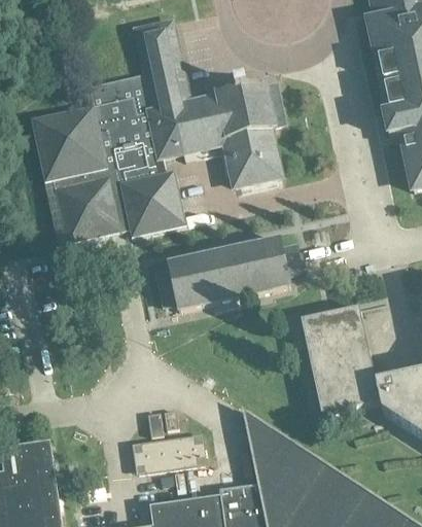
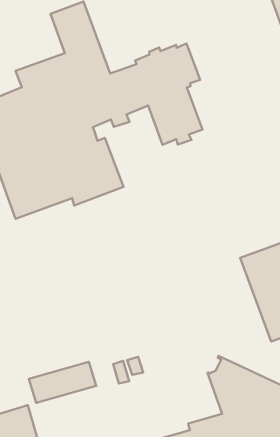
building: [155,239,301,310] -> none
building: [133,435,204,471] -> [29,362,96,403]

